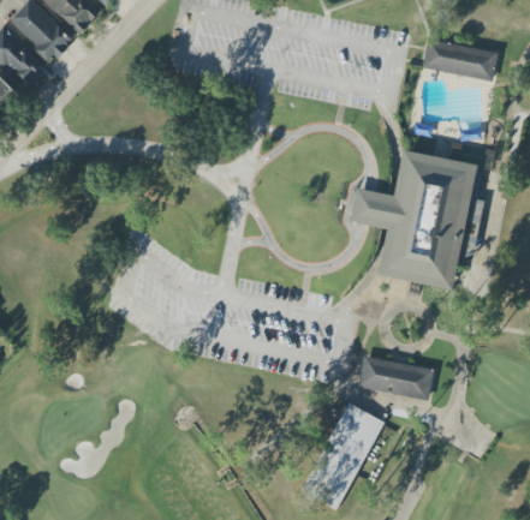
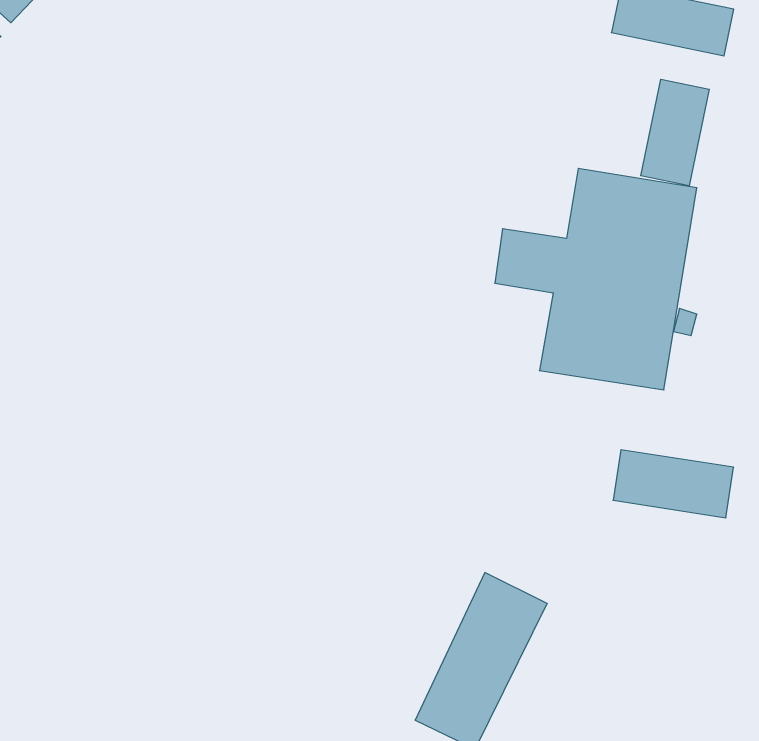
building: none -> [641,79,709,186]
building: [359,357,434,399] -> [613,450,734,518]

